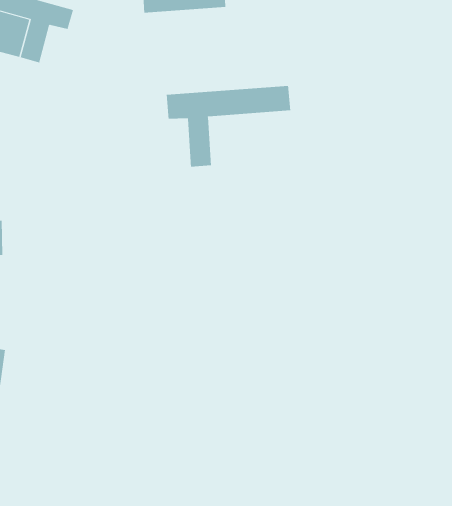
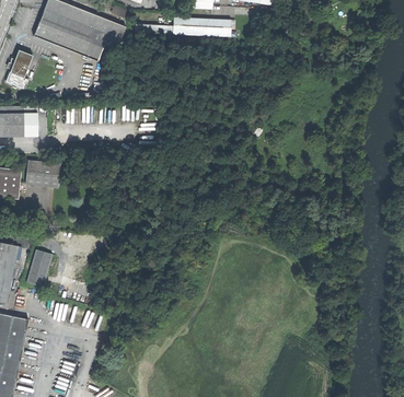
building: [166,85,291,168] -> none

